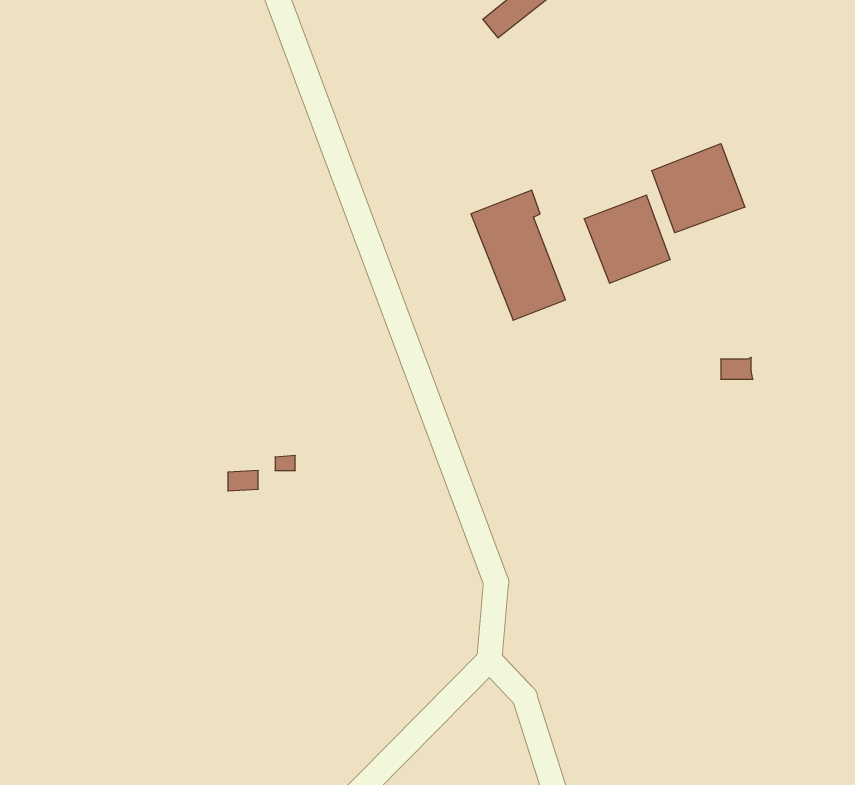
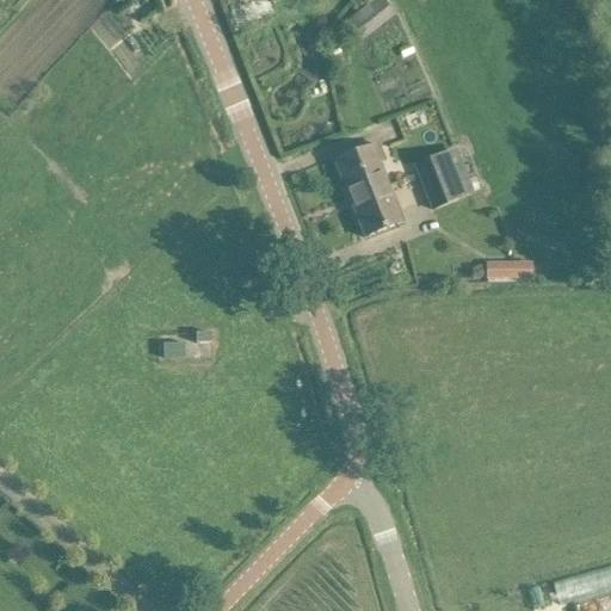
building: [652,144,745,233] -> none

